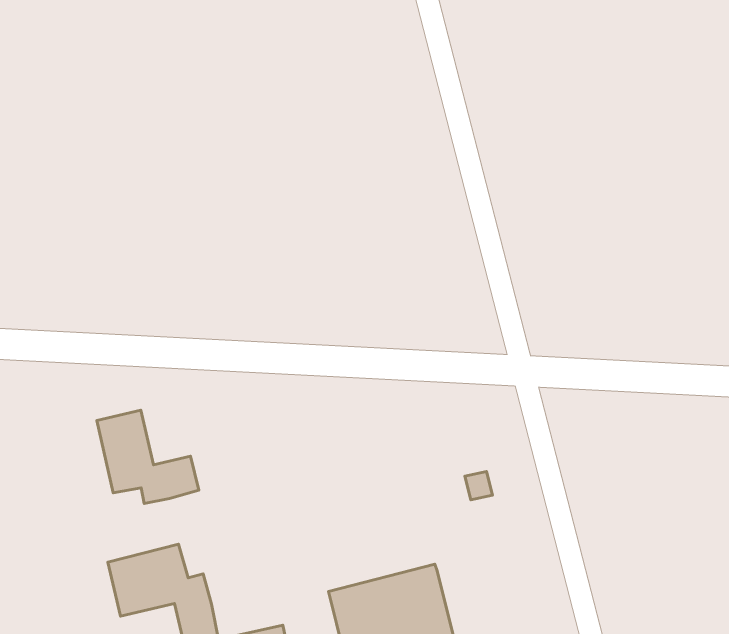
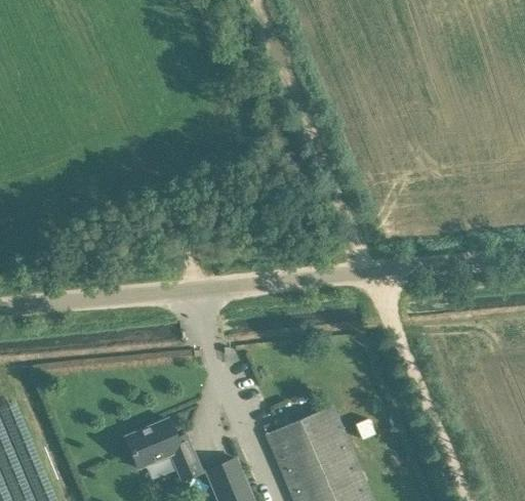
building: [97,410,199,503] -> none

